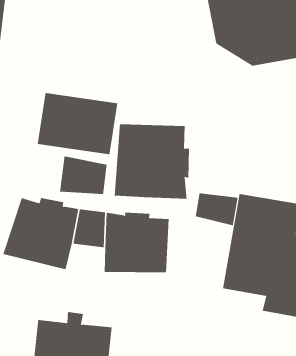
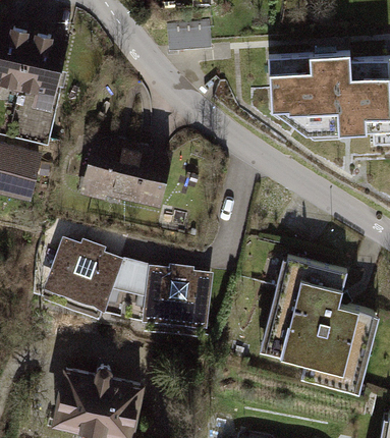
building: [114,123,190,199] -> none
building: [60,156,107,195] -> none
building: [195,192,238,226] -> none

